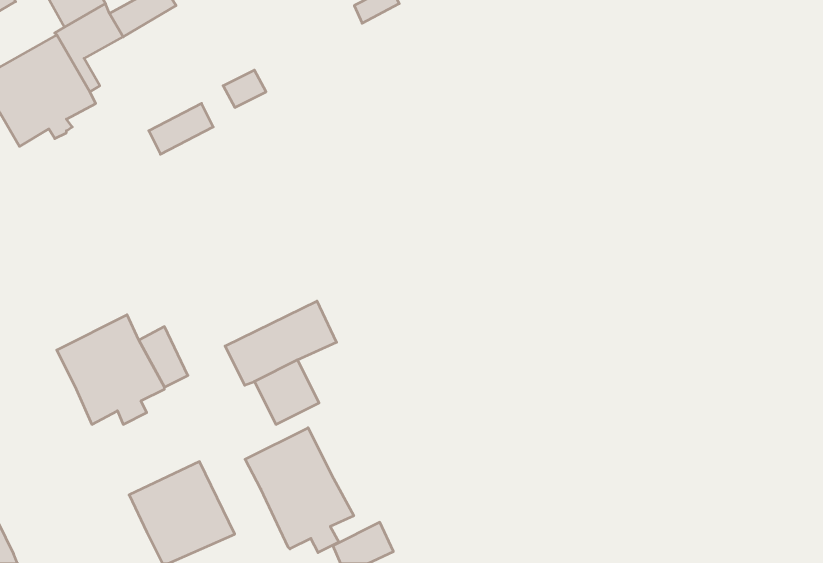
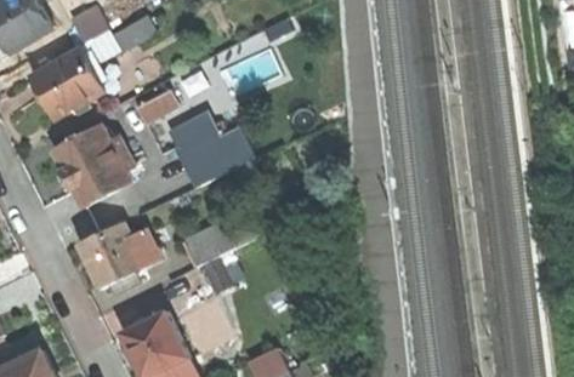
building: none -> [166,110,254,185]
building: none -> [53,126,133,206]
building: [245,428,354,553] -> none

